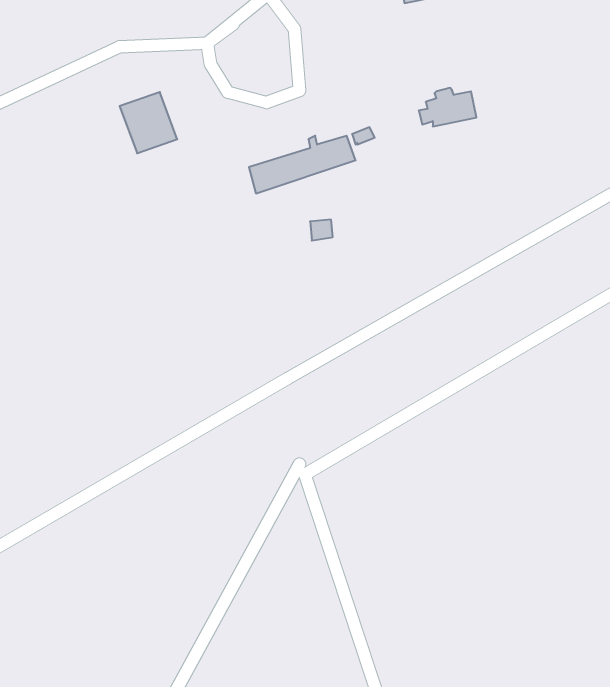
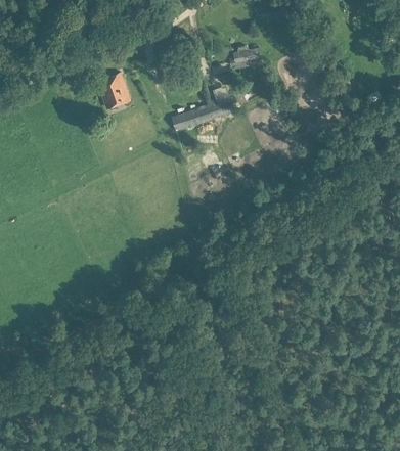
building: [419,88,476,126] -> [228,46,262,69]

